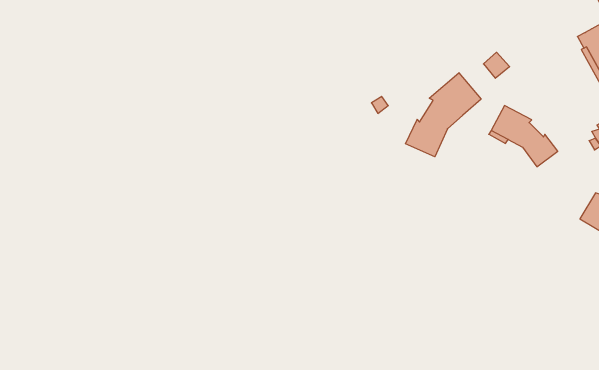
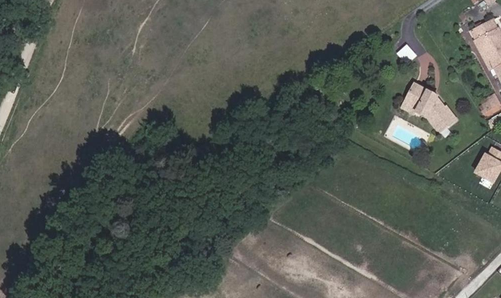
building: [406,73,481,157] -> none

